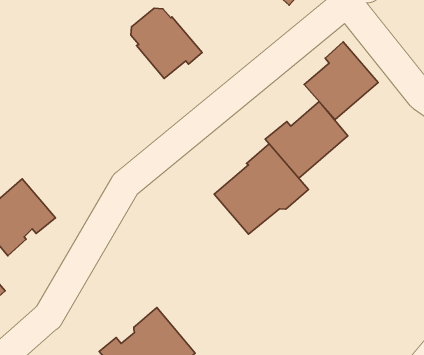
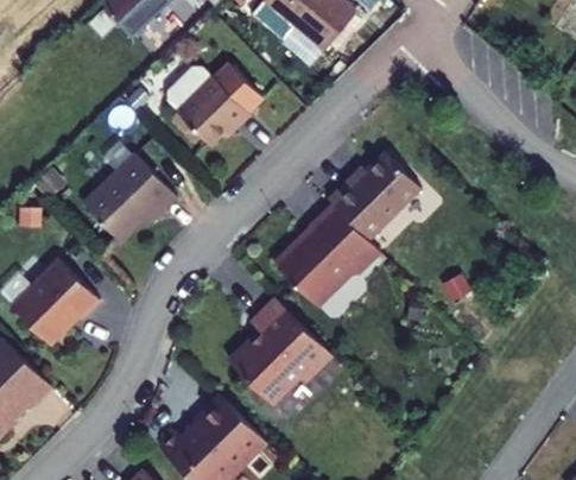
building: [304,42,378,120] -> none
building: none -> [86,158,181,248]
building: none -> [229,297,333,398]

